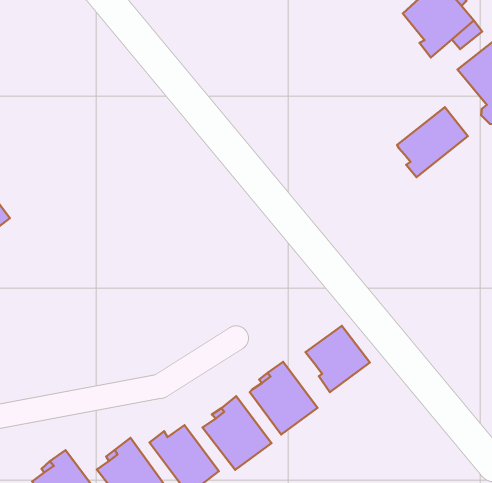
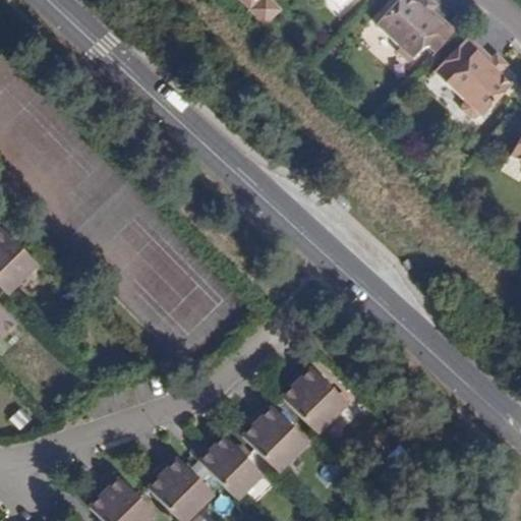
building: [397,107,468,177] -> none
building: [305,326,370,392] -> none

